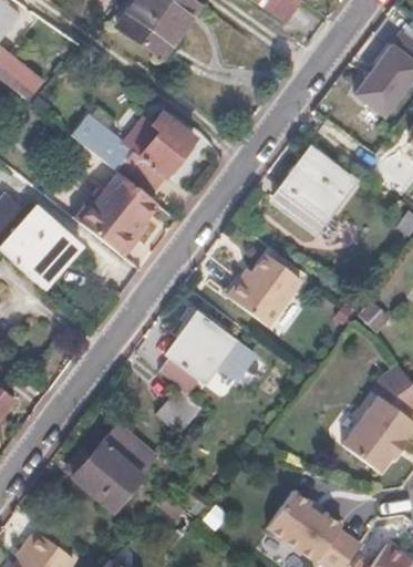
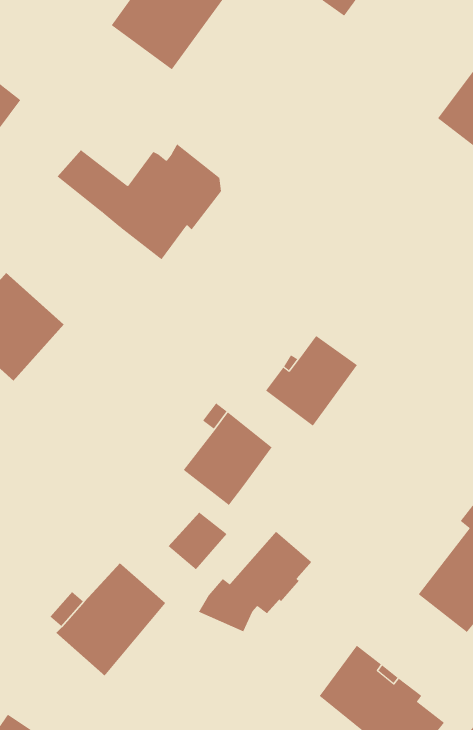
building: [275,150,351,229] -> none
building: [80,174,159,254] -> none
building: [211,337,255,382] -> none
building: none -> [198,531,312,632]

